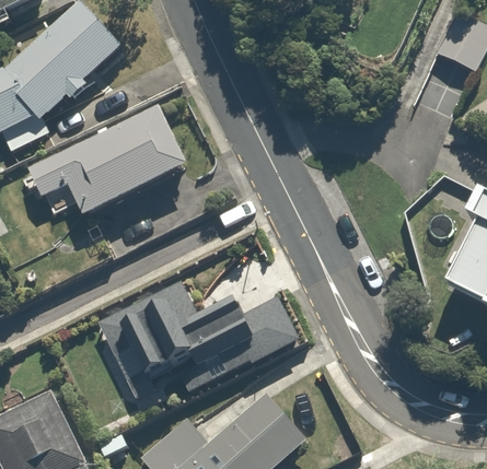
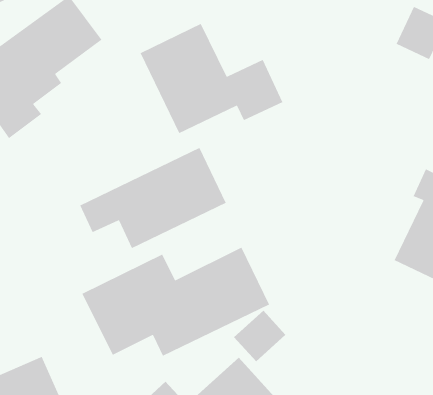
building: none -> [140,23,284,134]
building: [25,105,186,216] -> [79,147,227,249]
building: none -> [233,310,286,362]

